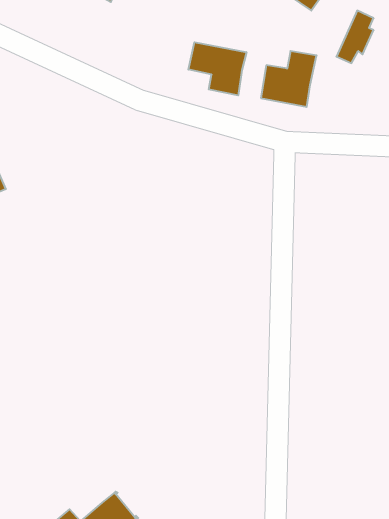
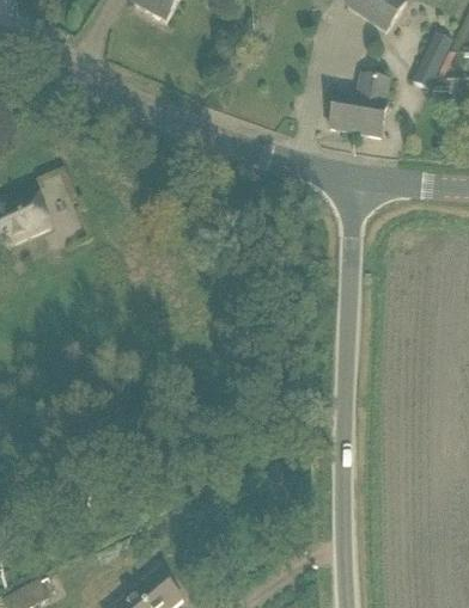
building: [188,42,246,95] -> none

